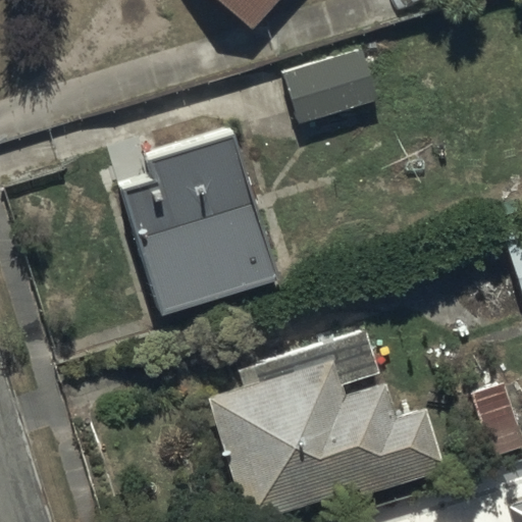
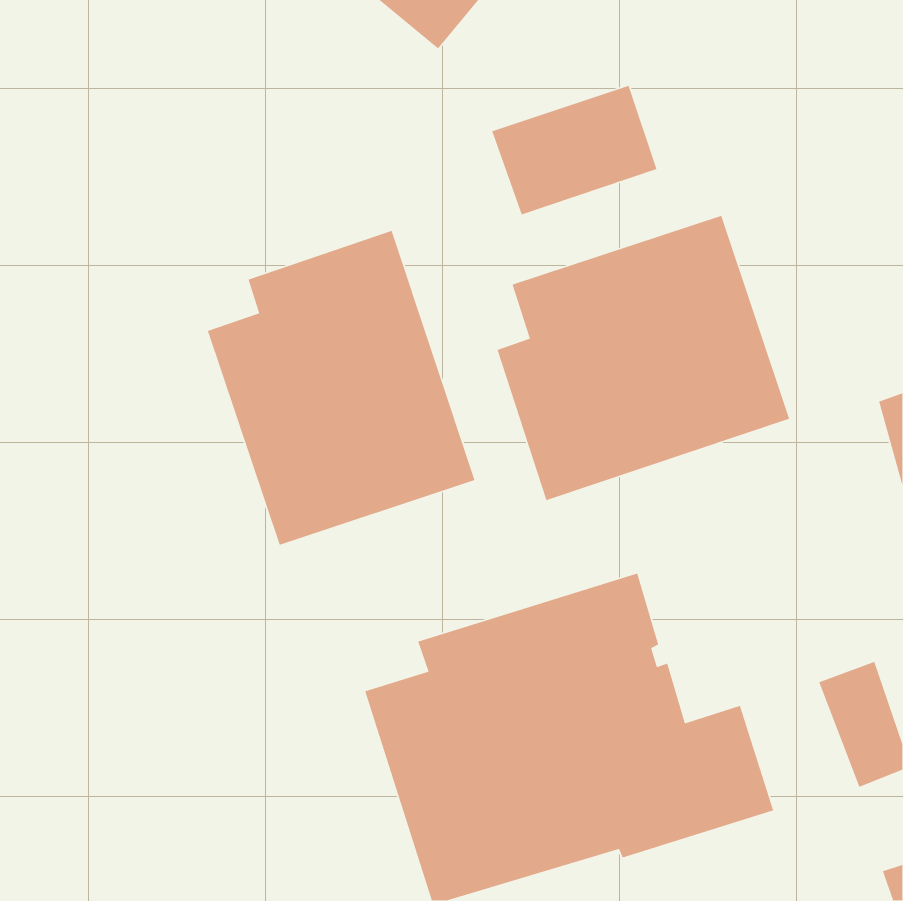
building: none -> [496,215,790,501]

